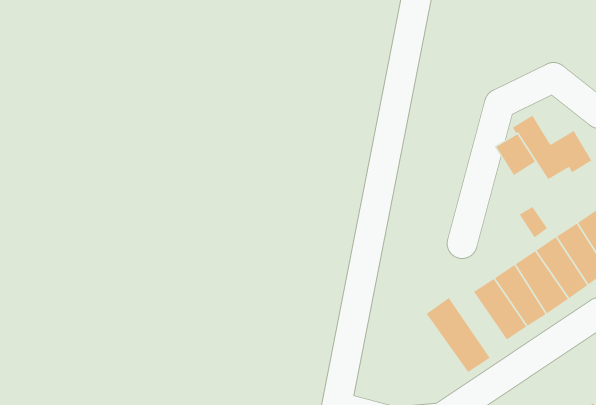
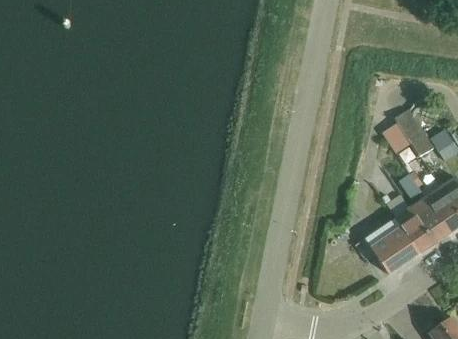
building: [426,297,491,373] -> none

